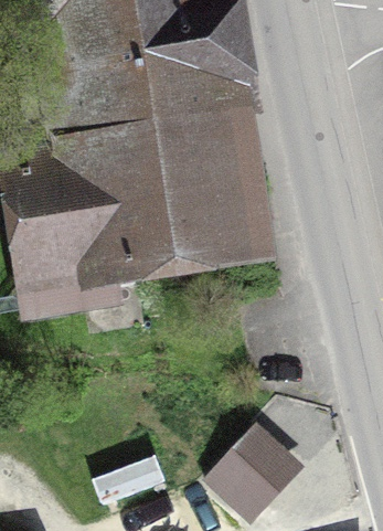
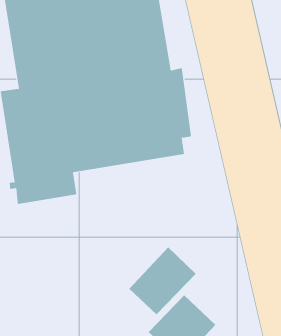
building: none -> [128,246,196,315]

